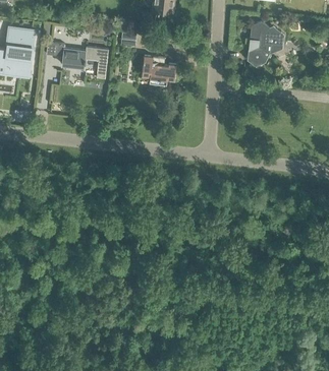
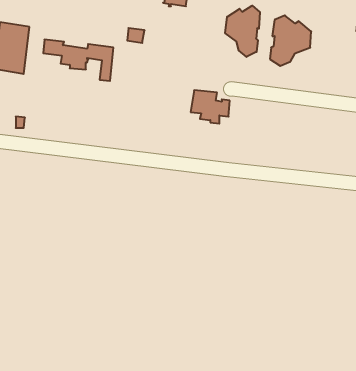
building: none -> [225,6,260,57]
building: [141,55,175,84] -> [191,90,230,124]

